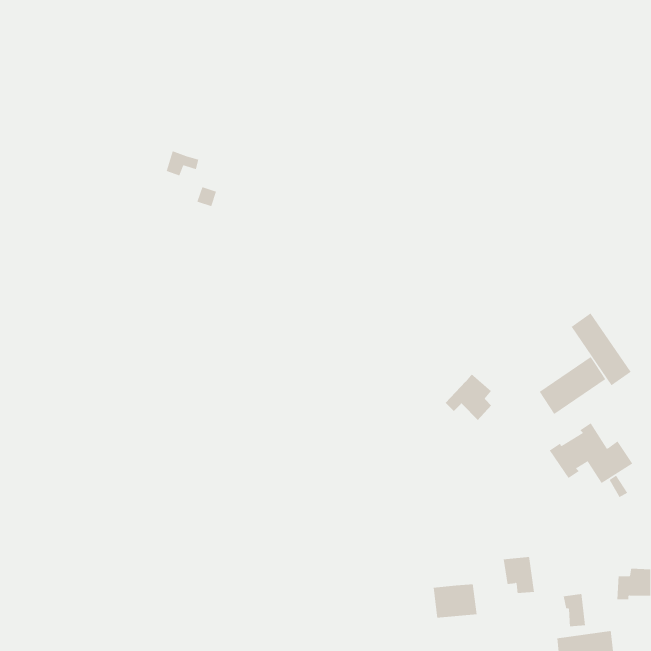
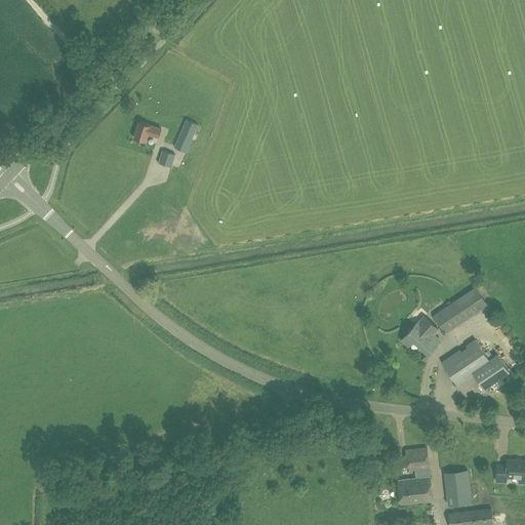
building: none -> [173,119,199,153]
building: [571,313,631,386] -> none
building: [445,373,492,421] -> [401,316,439,354]
building: [433,584,477,618] -> [397,477,433,504]

